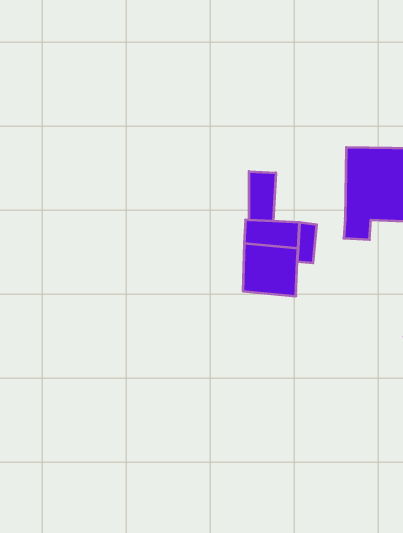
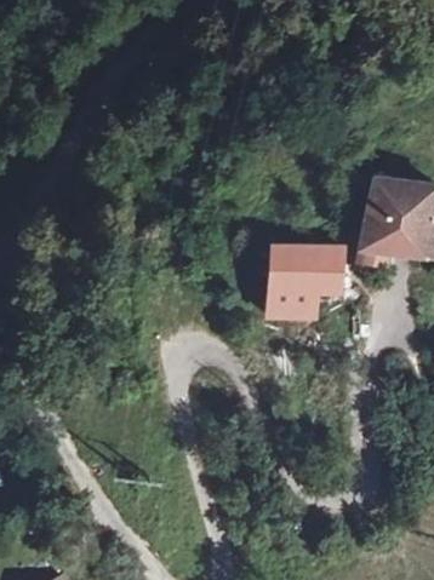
building: [249,171,276,221] -> none

